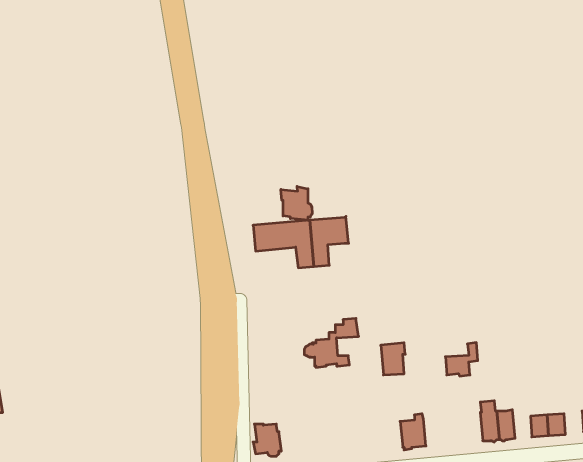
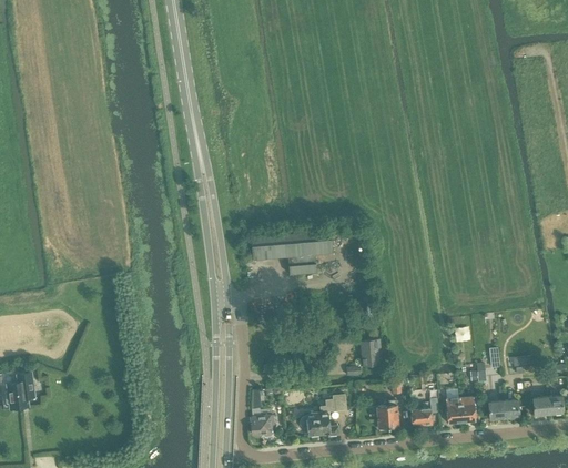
building: [281,186,312,220] -> none
building: [304,318,359,367] -> [300,394,346,436]
building: [445,343,478,376] -> [410,397,438,426]

